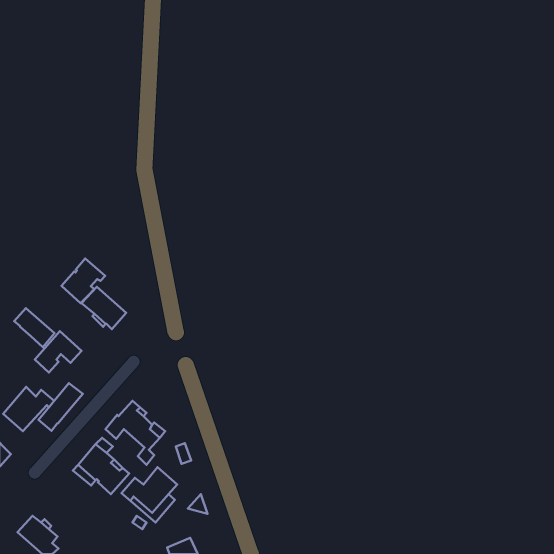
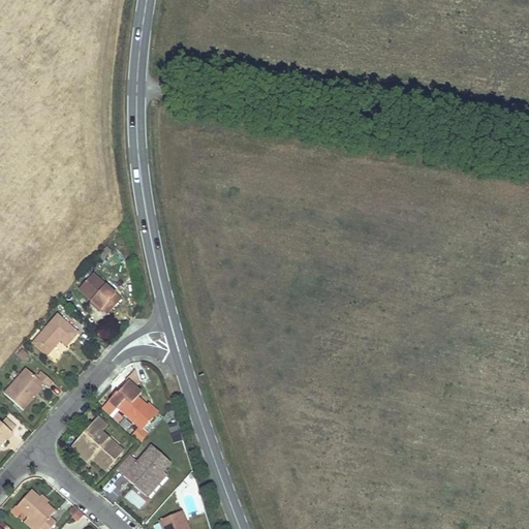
building: [61,258,105,303] -> none
building: [14,308,54,347] -> none
building: [39,383,83,431] -> none

